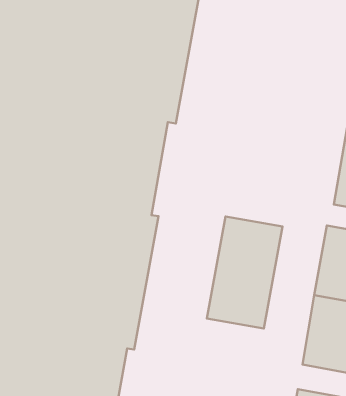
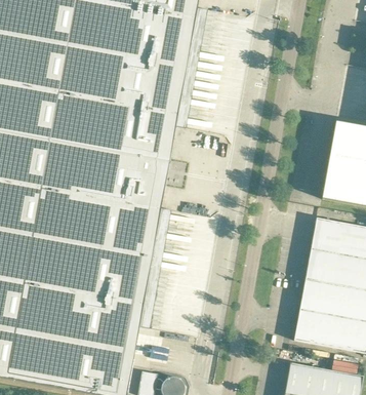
building: [207,217,282,328] -> none

